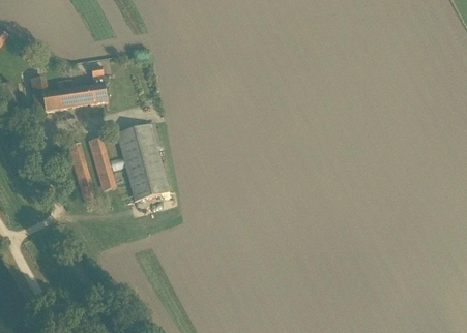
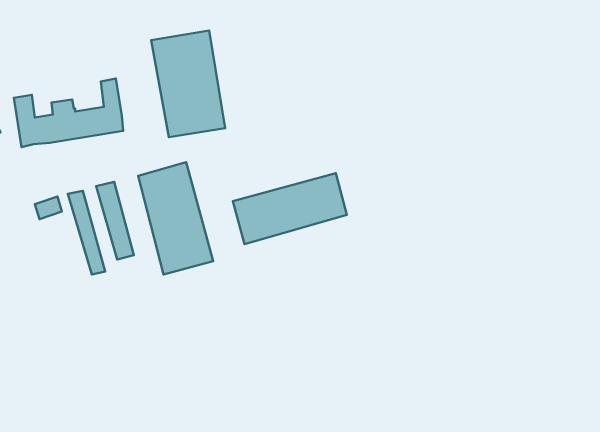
building: none -> [151,31,225,137]
building: none -> [233,173,347,244]

